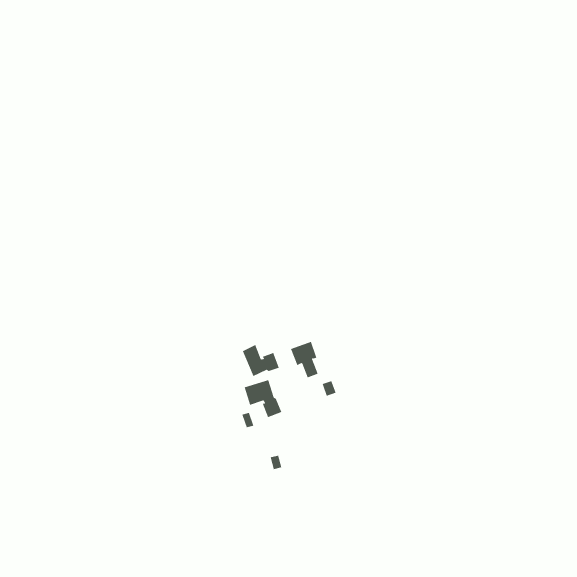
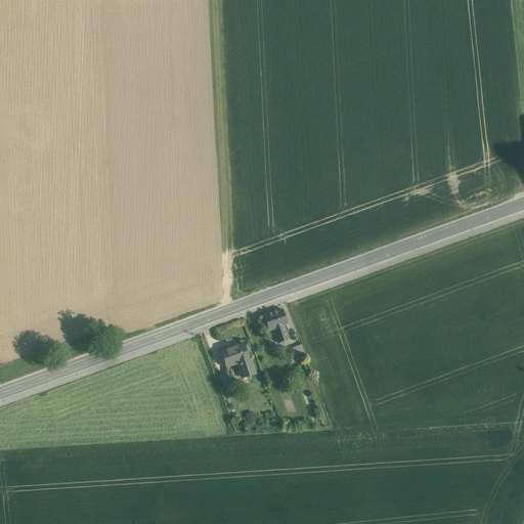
building: [242,344,279,377] -> none

